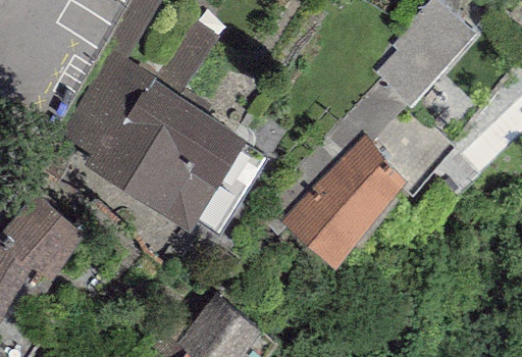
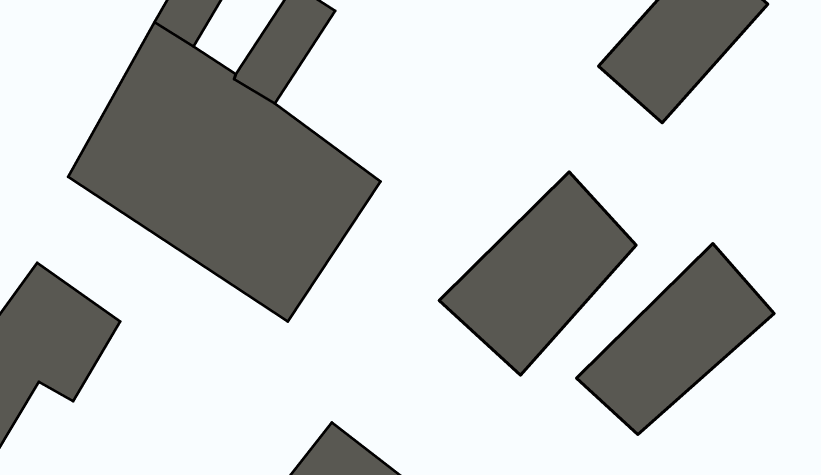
building: none -> [576,243,774,434]

